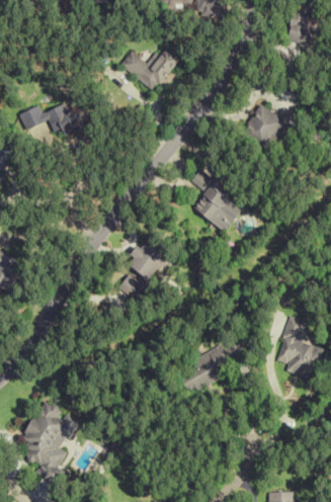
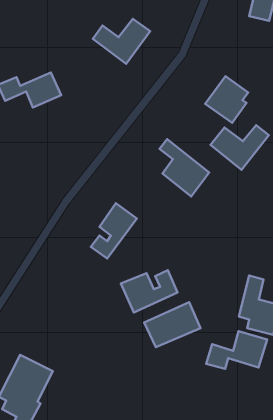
building: none -> [210,125,269,170]
building: none -> [121,270,177,312]
building: none -> [206,331,267,369]

